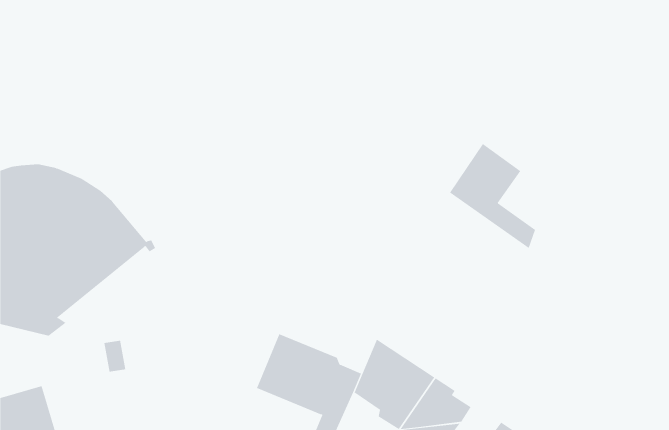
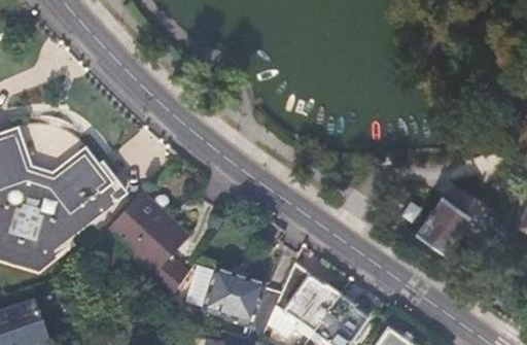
building: [449,143,536,249] -> [418,195,485,276]
building: none -> [105,192,191,309]

